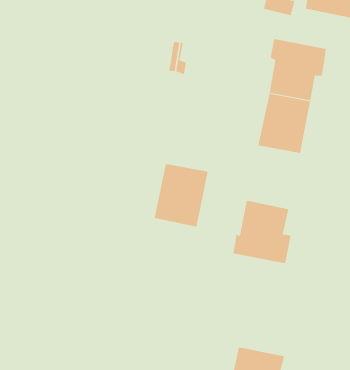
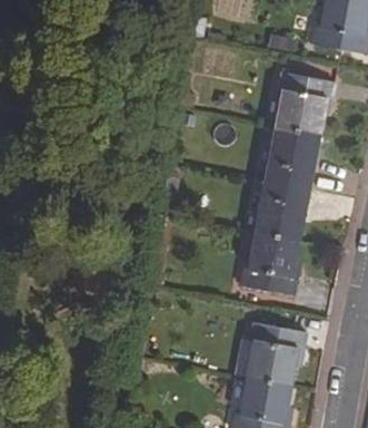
building: [154,163,208,227] -> [255,177,308,240]
building: none -> [247,319,307,383]

